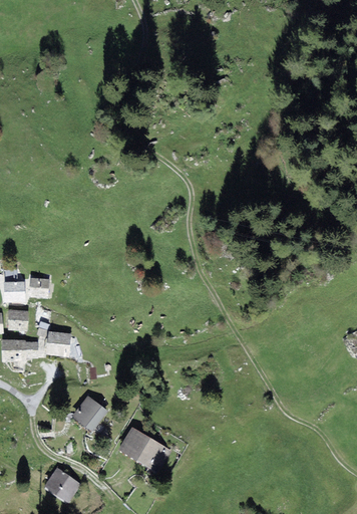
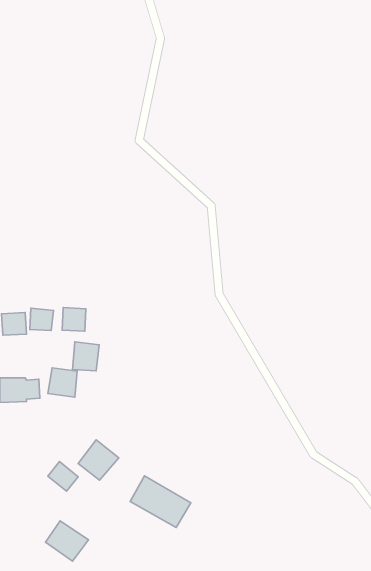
building: none -> [73,342,99,371]
building: [7,309,28,330] -> [62,308,86,331]
building: none -> [48,462,78,491]

